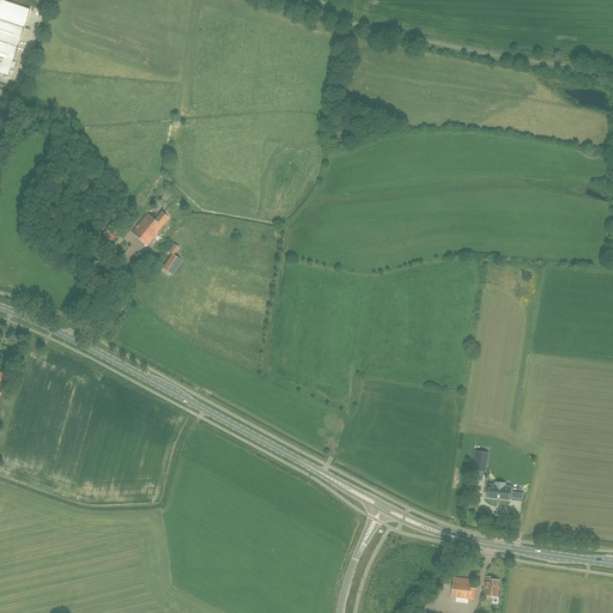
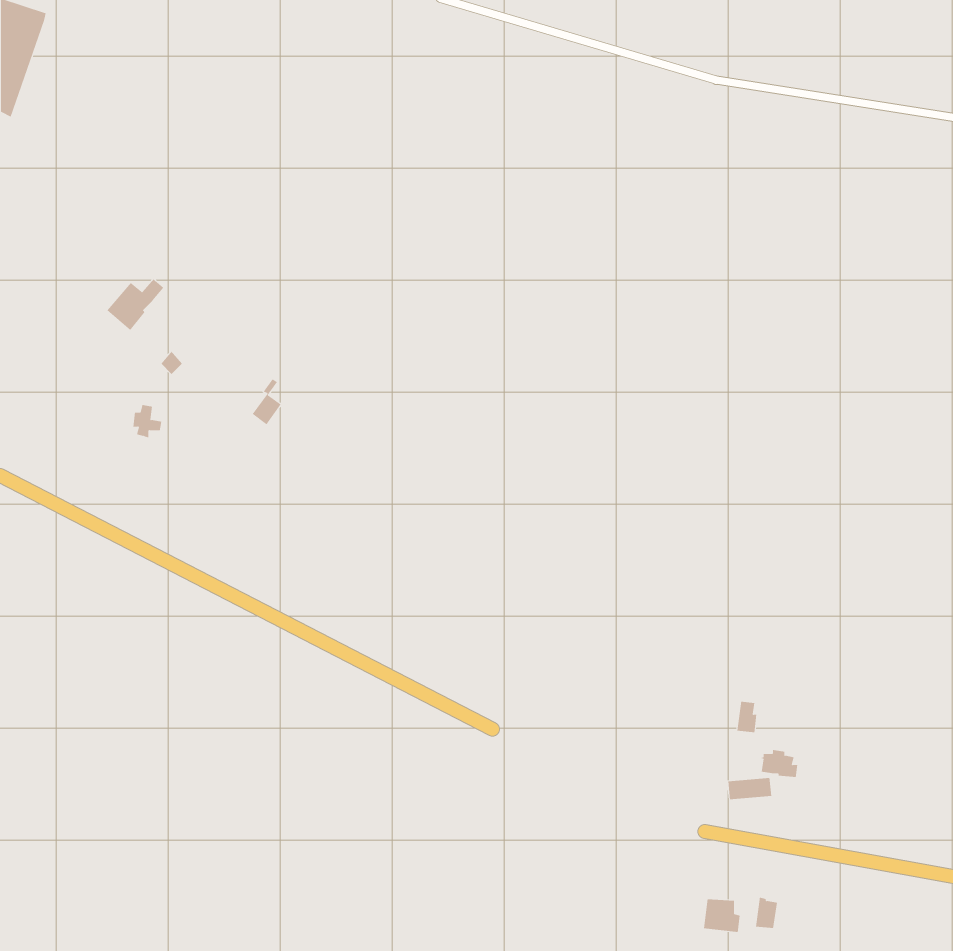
building: [132,211,169,244] -> [106,279,164,331]

